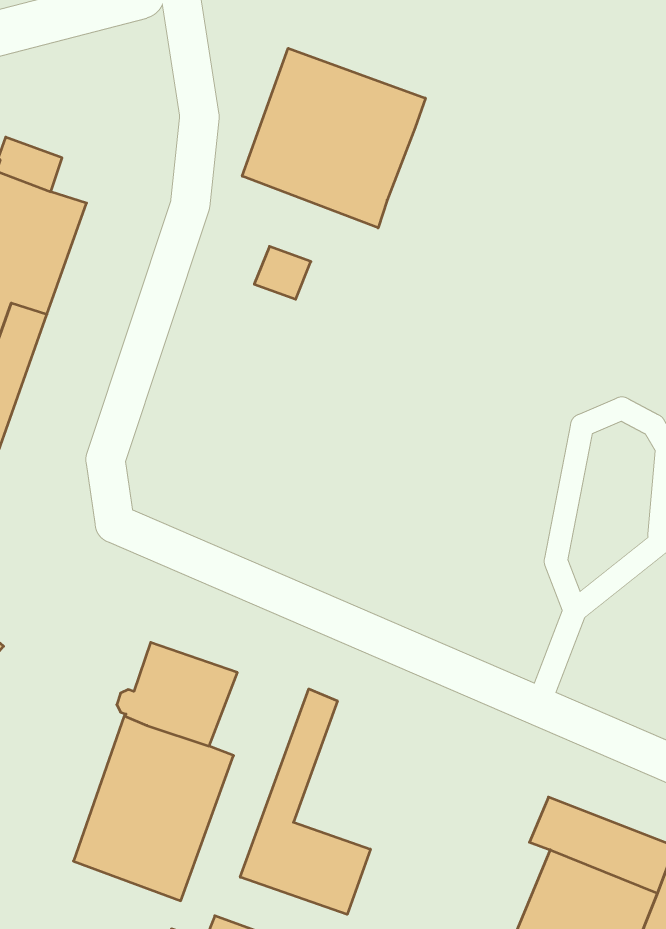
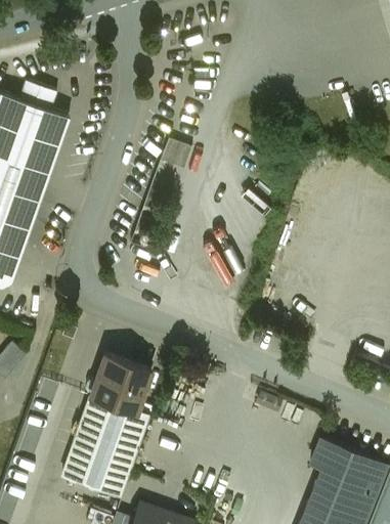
building: [242,48,425,228] -> none
building: [240,689,370,914] -> none

